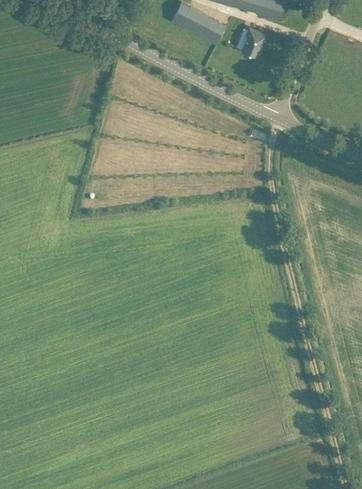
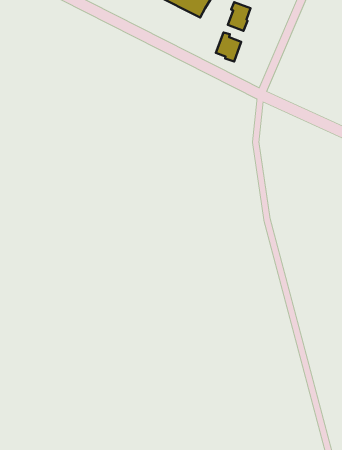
building: none -> [216,32,241,61]

